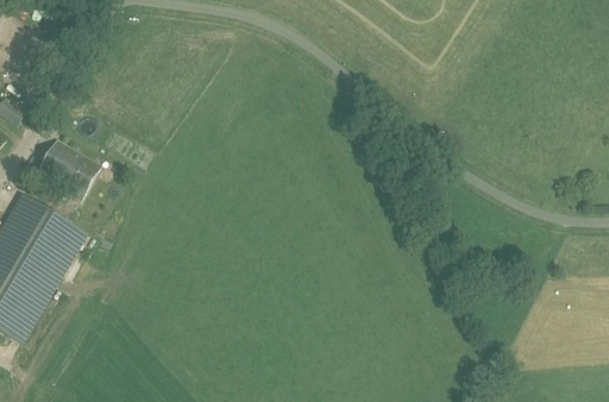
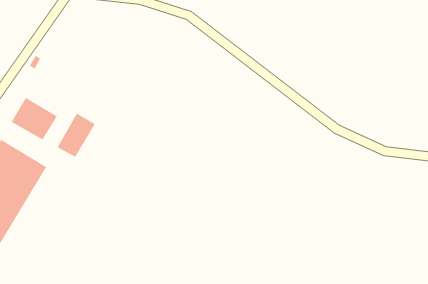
building: none -> [56,113,96,158]

